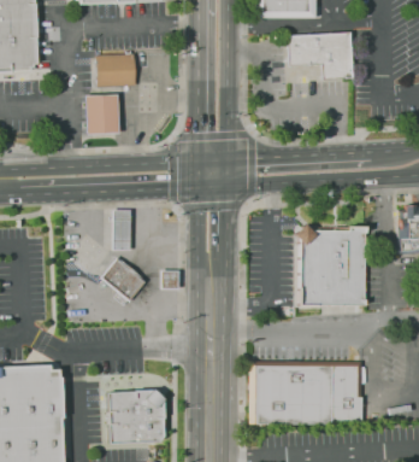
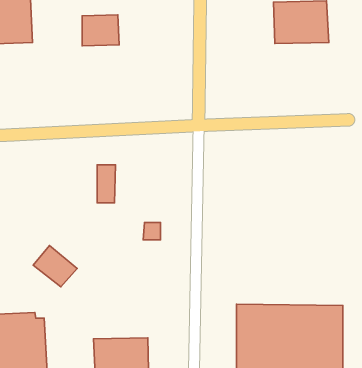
building: [83,92,116,131] -> none
building: [301,229,371,310] -> none
building: [98,255,143,298] -> [33,245,77,287]

